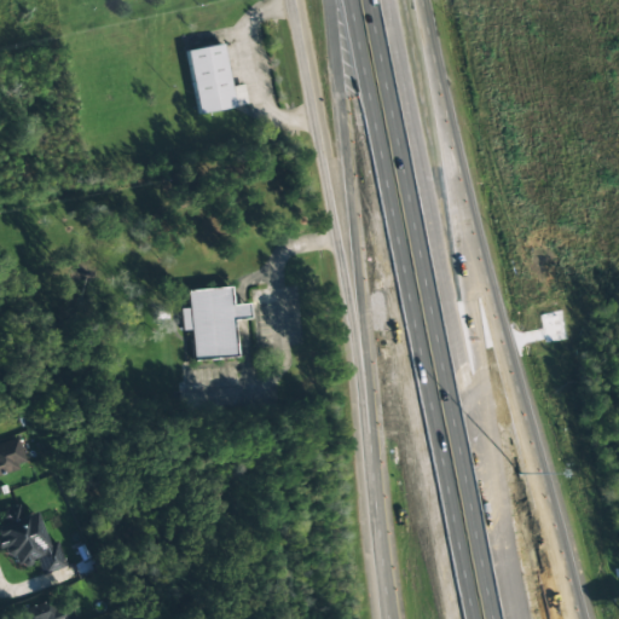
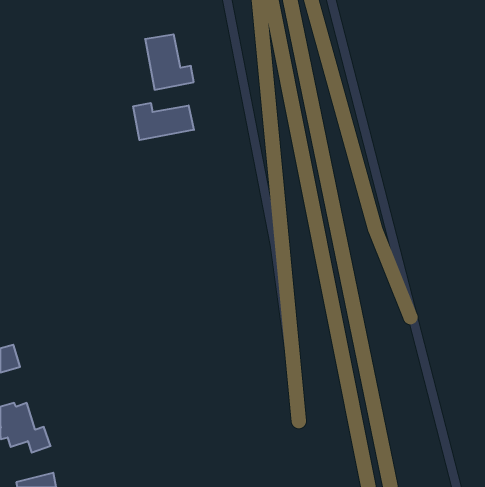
building: none -> [133,103,194,140]
building: [183,287,251,360] -> none

